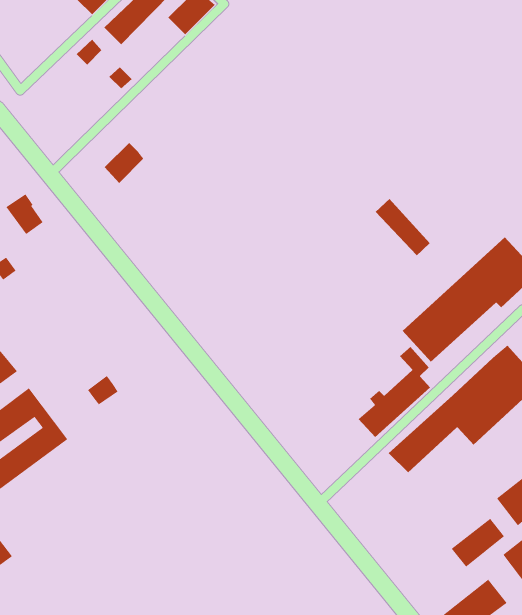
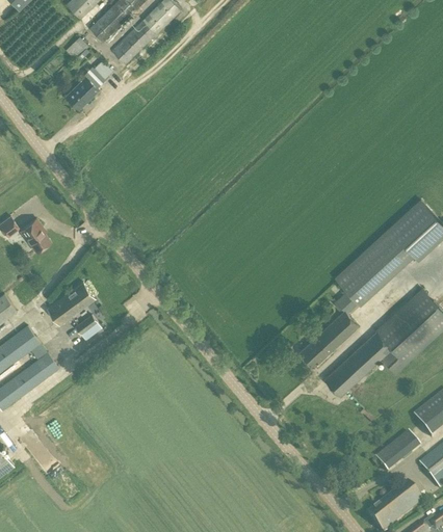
building: none -> [111,19,157,63]
building: [104,142,144,184] -> [67,75,100,109]
building: [6,193,43,235] -> [19,218,50,252]
building: [375,198,431,257] -> none
building: none -> [47,281,96,324]

